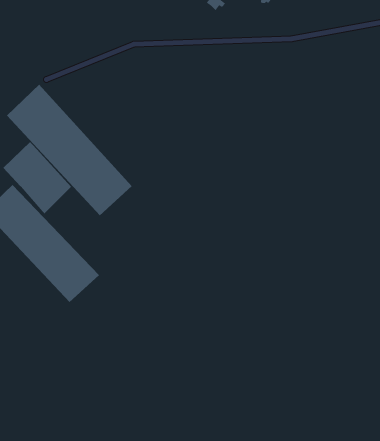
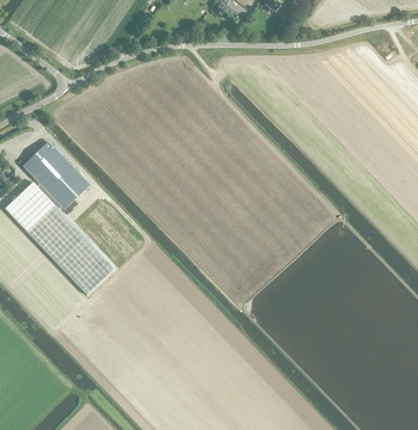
building: [6,84,132,216] -> none

